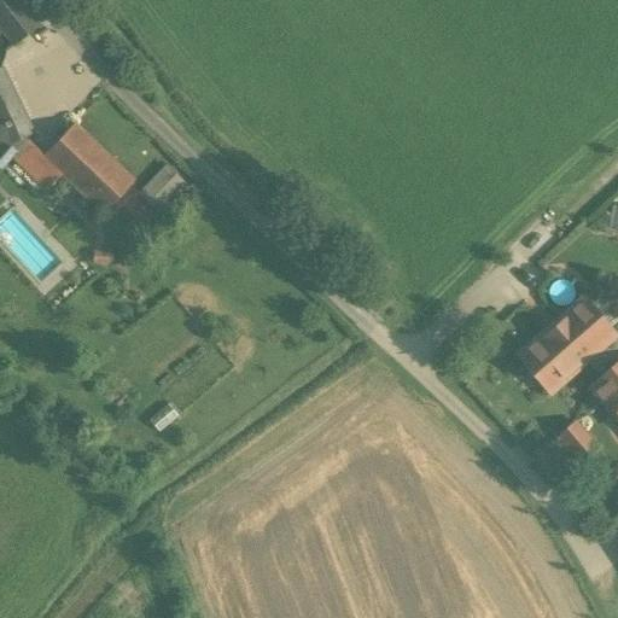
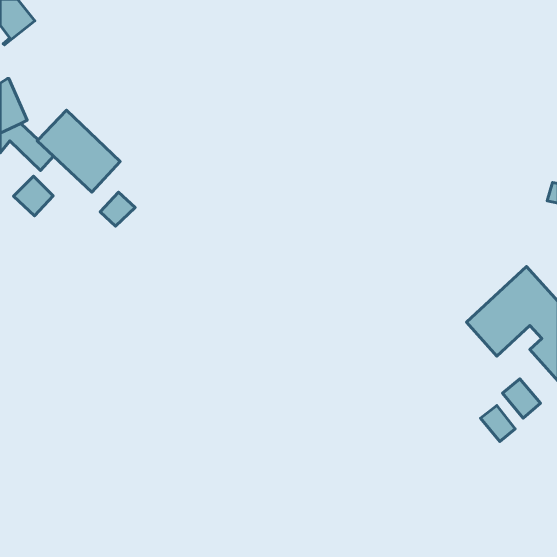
building: [146,164,185,202] -> [100,192,135,226]
building: none -> [14,176,53,216]
building: none -> [481,406,515,442]

